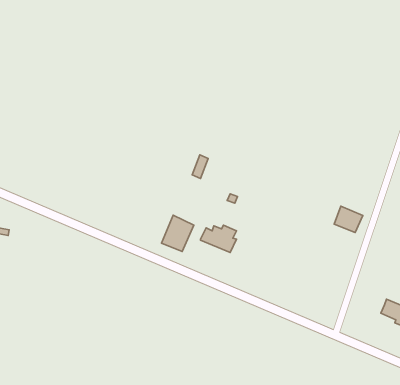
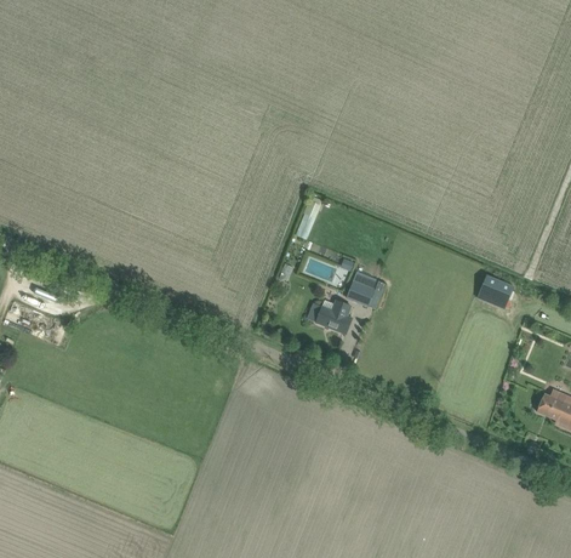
building: none -> [344,273,377,307]
building: [161,215,194,252] -> none

